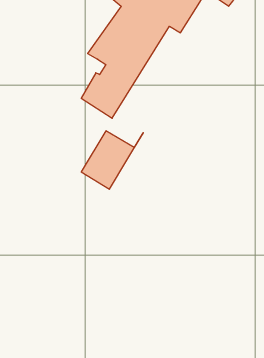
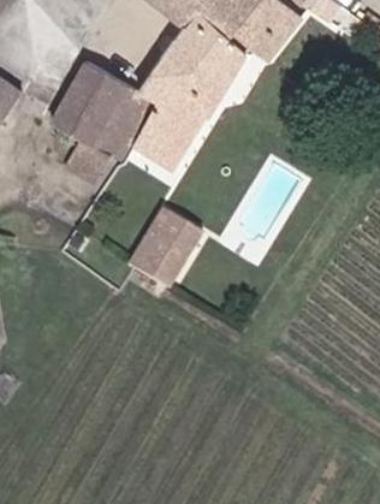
building: none -> [52,63,154,188]

